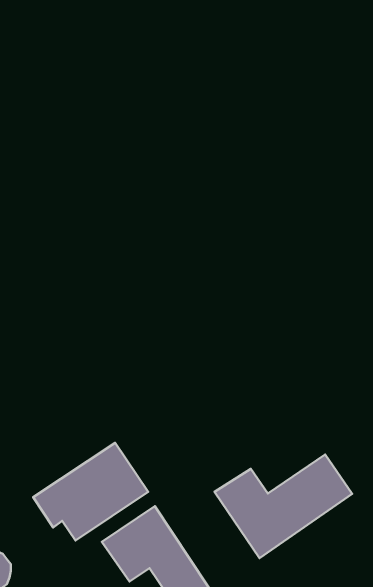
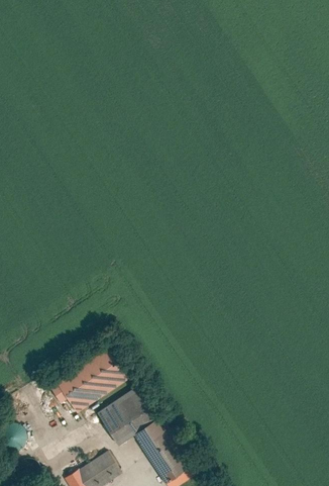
building: [215,454,352,558] -> none

